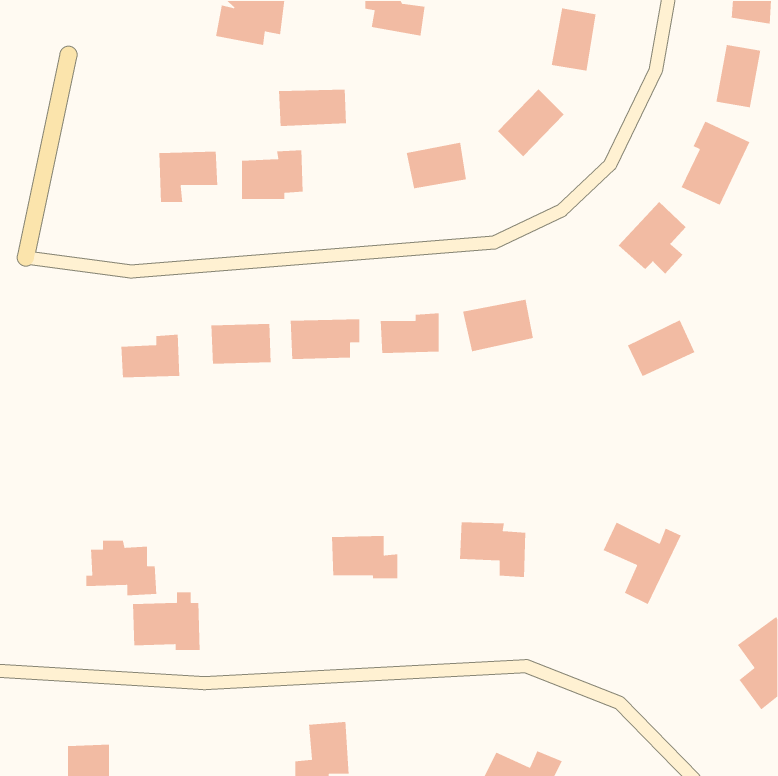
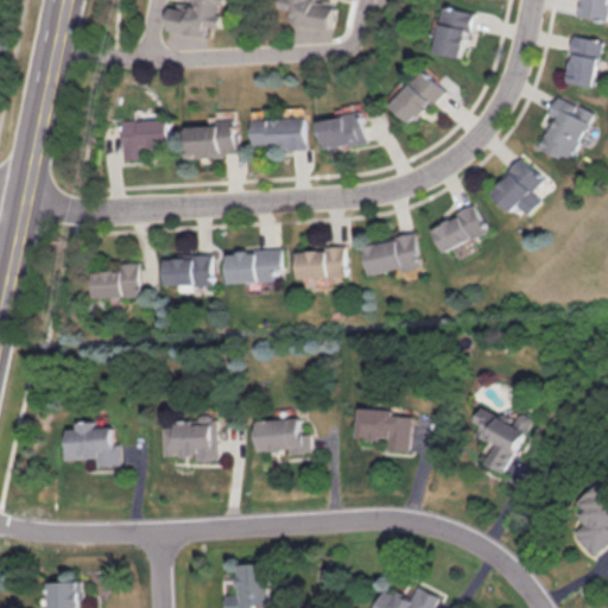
building: [278,89,347,127] -> [251,119,304,148]
building: [627,319,696,377] -> [426,207,480,252]
building: [132,591,201,651] -> [165,414,218,461]

